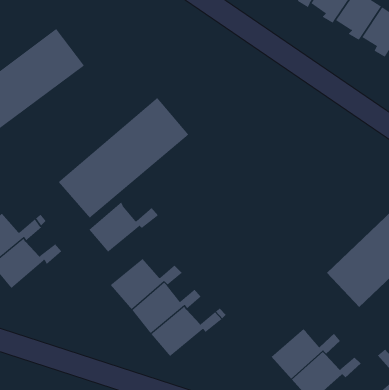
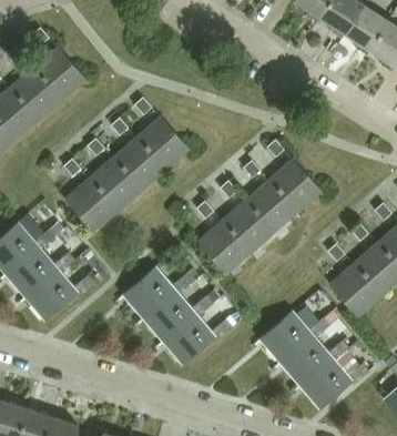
building: none -> [203,151,330,273]
building: [88,201,159,252] -> [26,270,94,320]
building: none -> [258,312,329,364]

